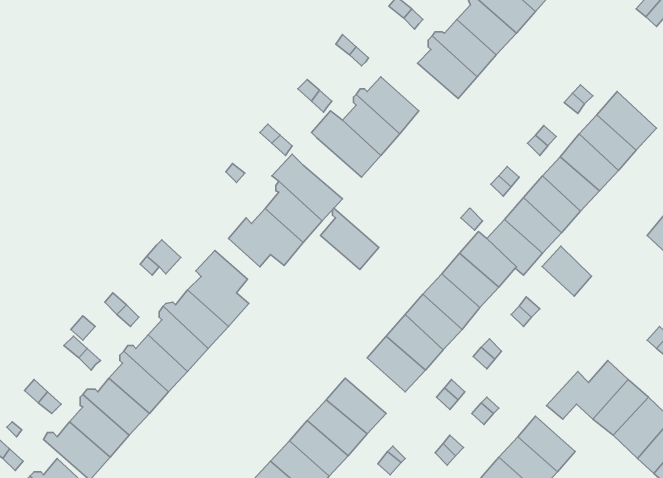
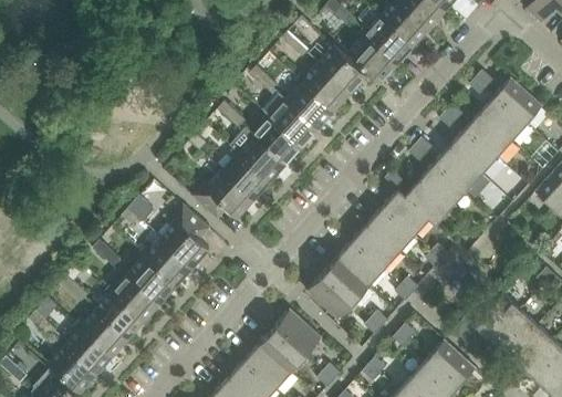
building: none -> [319,42,365,91]
building: [320,208,379,269] -> [256,113,303,163]
building: [542,246,592,296] -> none

